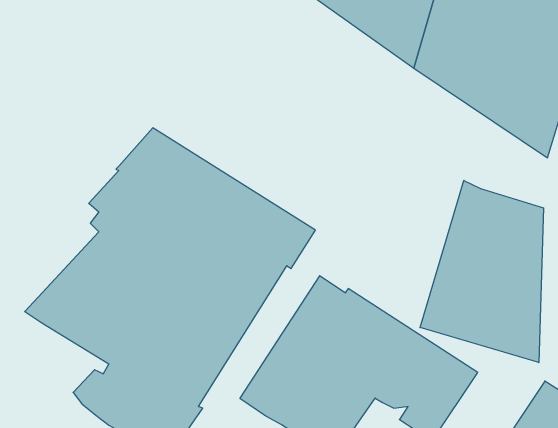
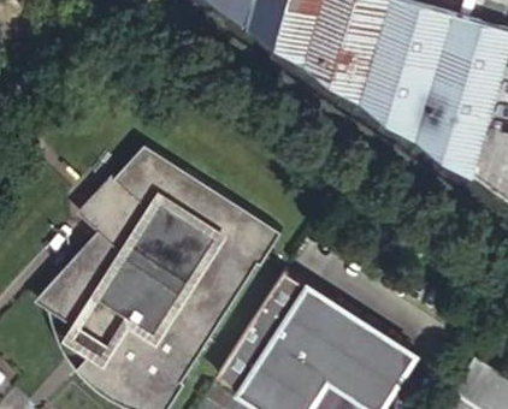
building: [420,180,544,363] -> none

